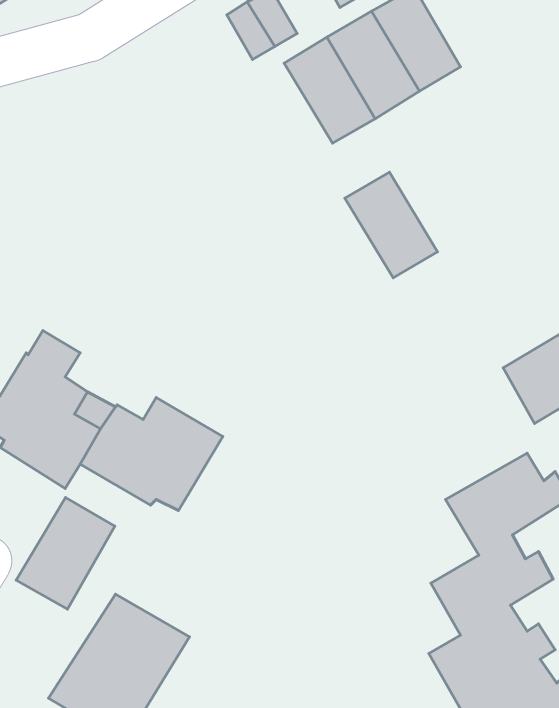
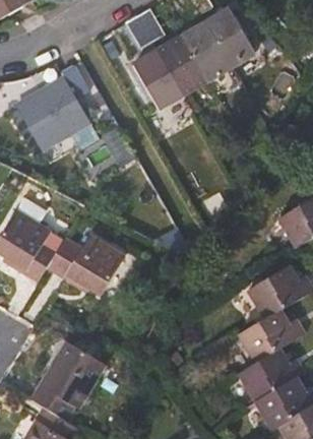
building: none -> [16,66,89,149]
building: [345,172,438,278] -> [134,51,185,109]
building: [16,498,115,609] -> none

